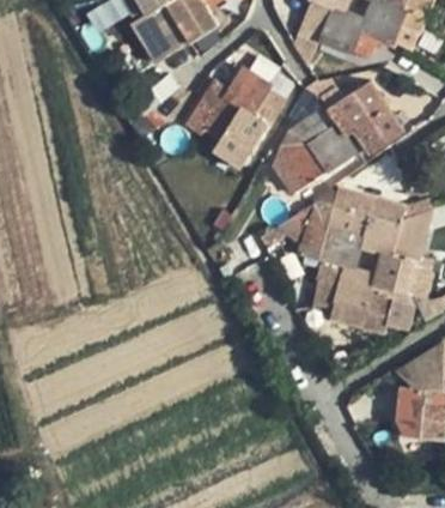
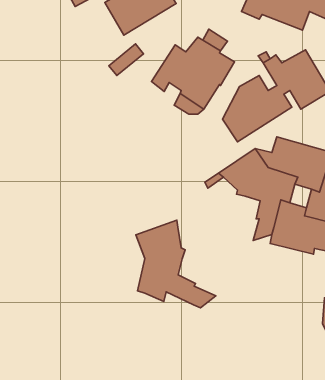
building: none -> [136,220,216,308]

